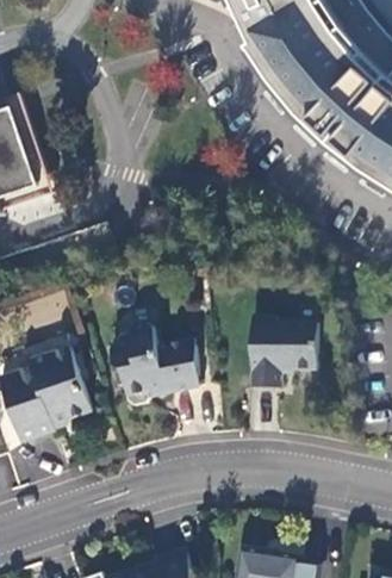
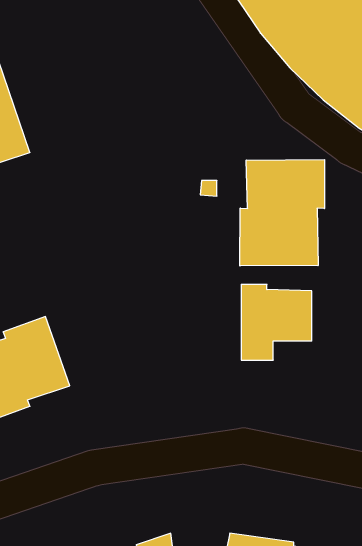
building: none -> [240,160,324,266]
building: [110,322,198,405] -> none

